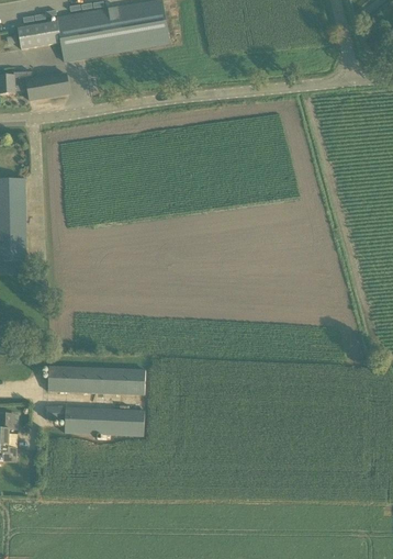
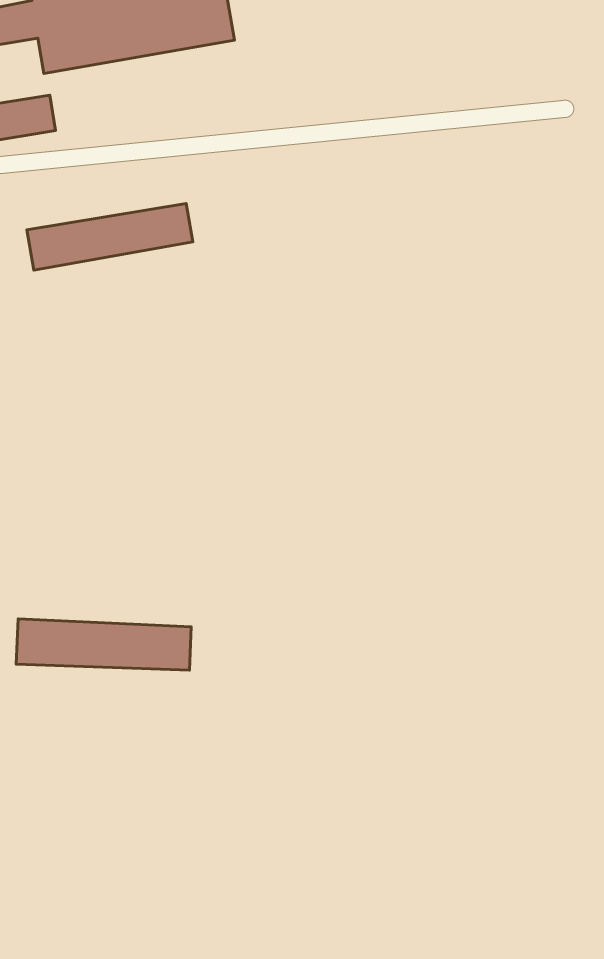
building: none -> [27,203,193,270]
building: [46,406,144,436] -> none

